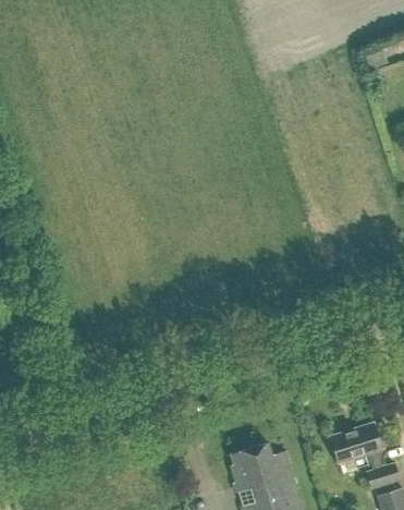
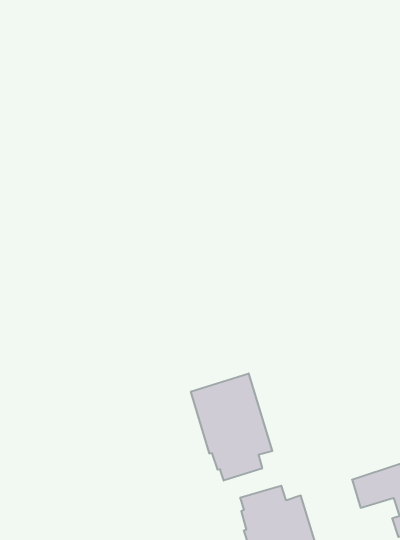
building: none -> [191,373,272,481]

